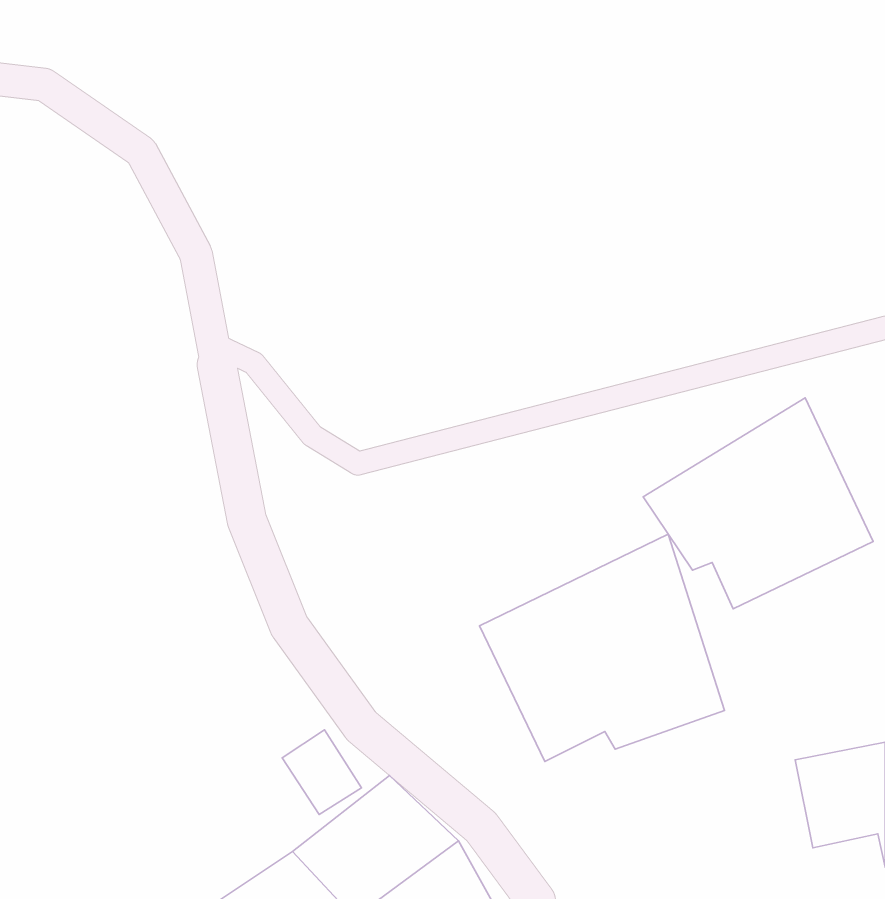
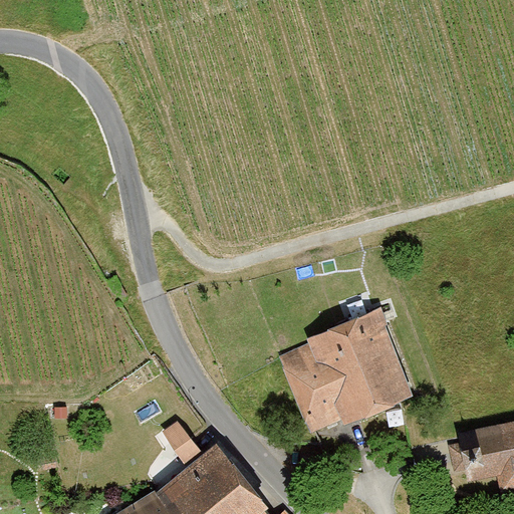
building: [643,398,873,609] -> none

